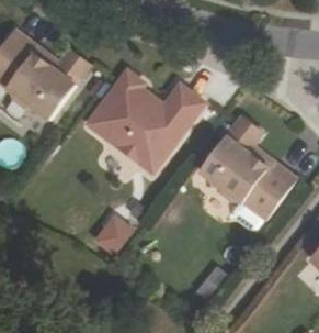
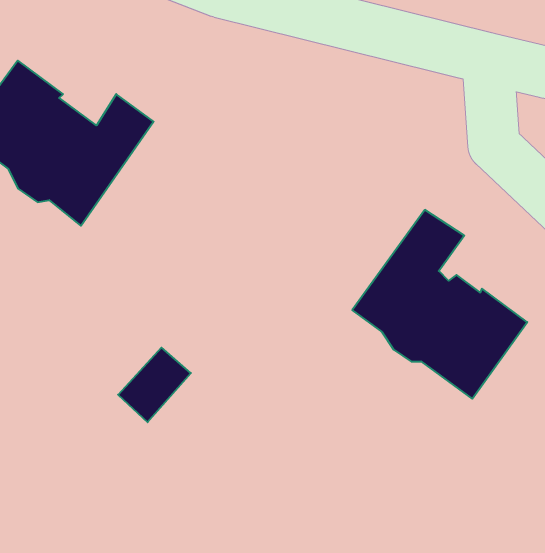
building: [96,78,215,180] -> none

